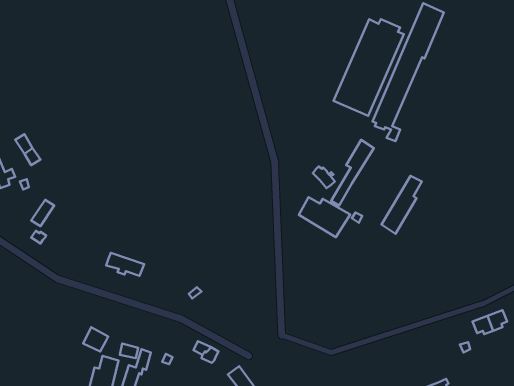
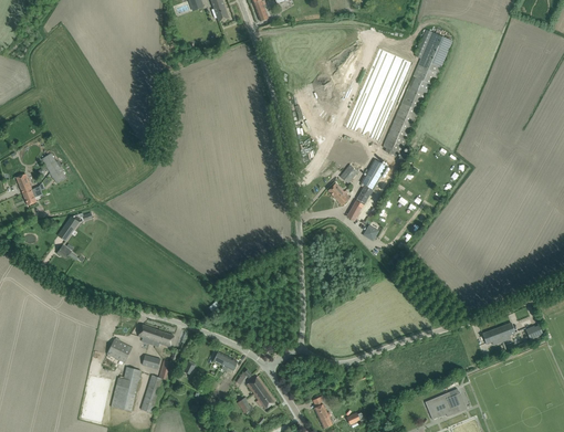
building: [381,176,422,234] -> none
building: [299,197,350,237] -> none
building: [106,253,144,276] -> [138,324,175,346]

